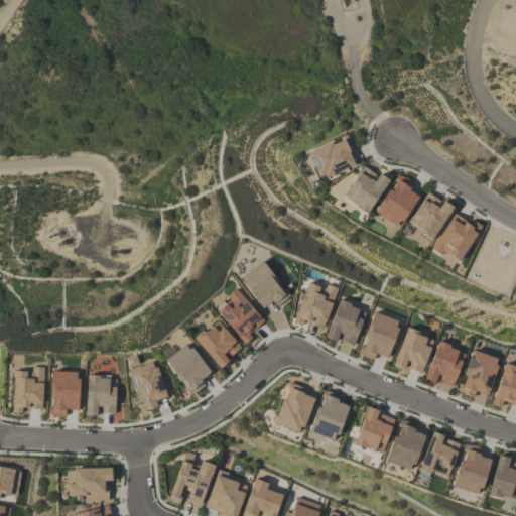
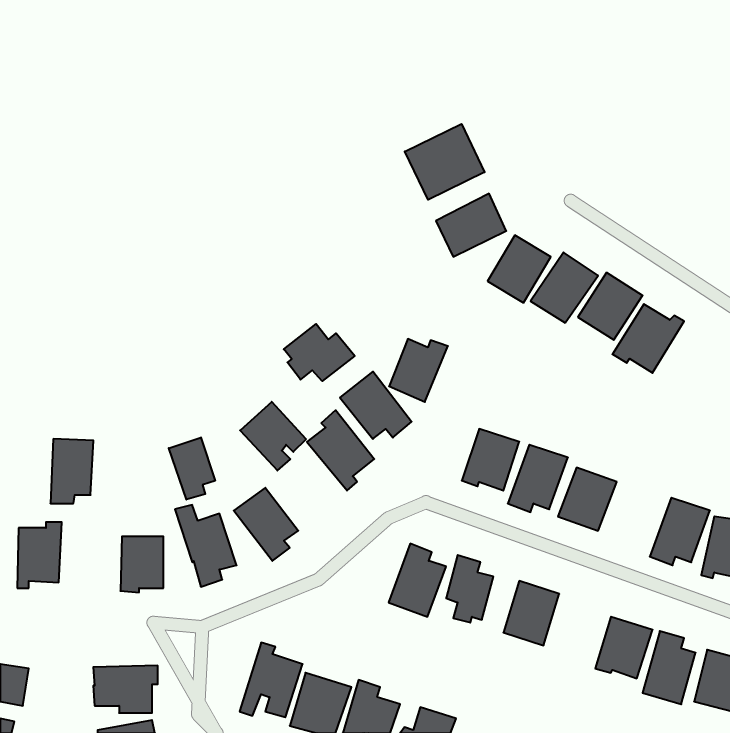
building: none -> [405,124,485,200]
building: none -> [284,324,355,381]
building: [298,283,340,328] -> [389,339,448,402]
building: none -> [169,437,215,500]
building: [196,320,242,369] -> [240,402,306,471]
building: [425,342,467,388] -> none
building: [50,371,81,416] -> [50,439,93,503]
building: [387,423,426,471] -> none

